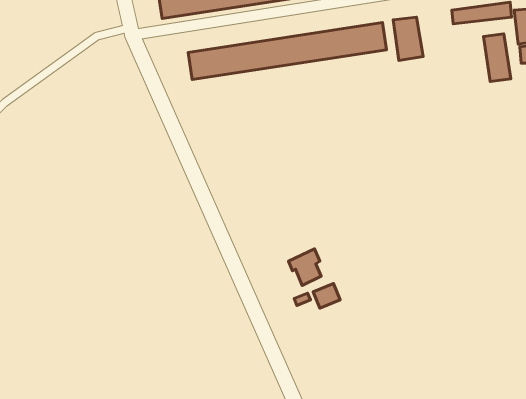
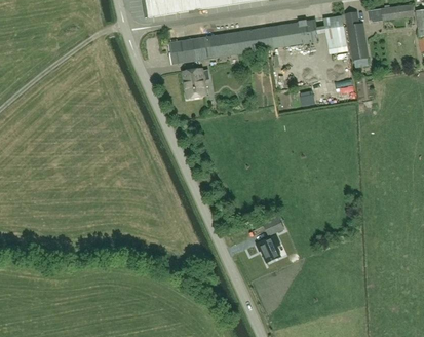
building: [483,34,511,81] -> [347,23,368,59]
building: none -> [183,69,208,99]
building: [289,249,321,286] -> [256,235,280,263]

